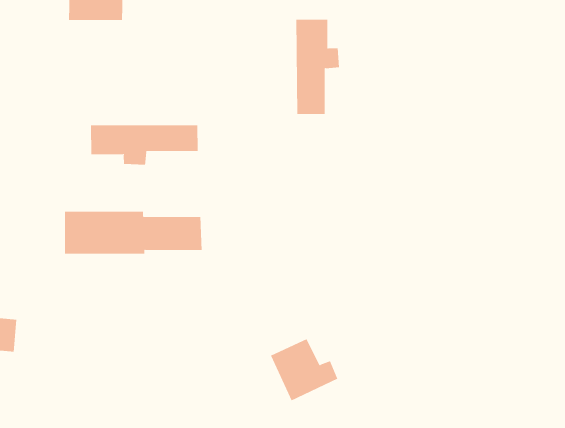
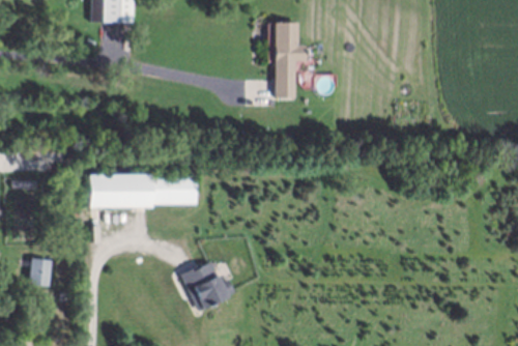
building: [90,124,198,165] -> none
building: [270,338,338,401] -> [180,260,234,310]

